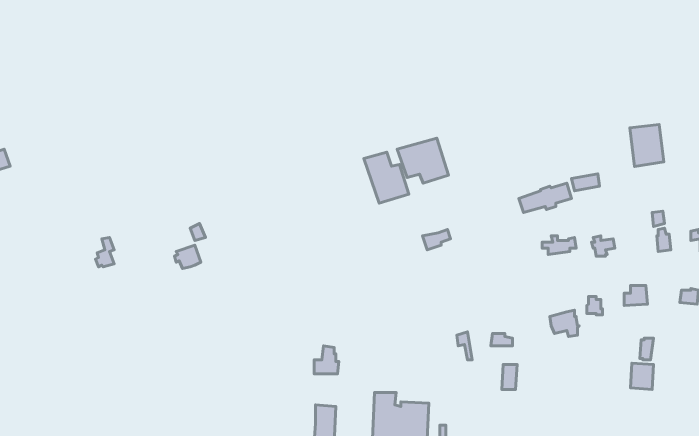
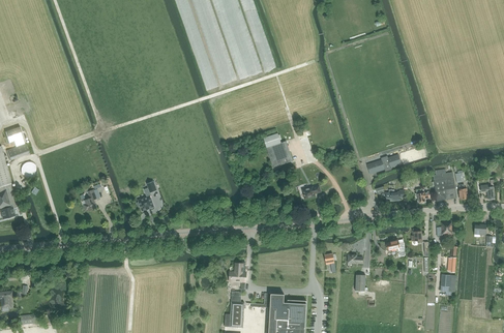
building: [630,125,664,166] -> [433,173,455,201]
building: [397,138,449,183] -> none

